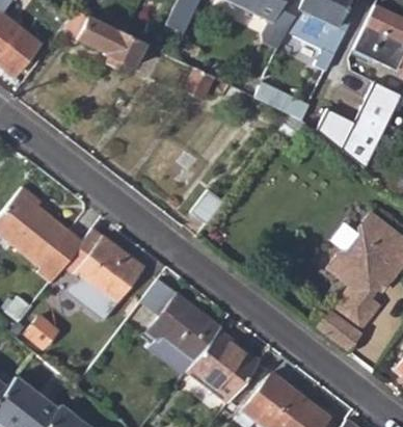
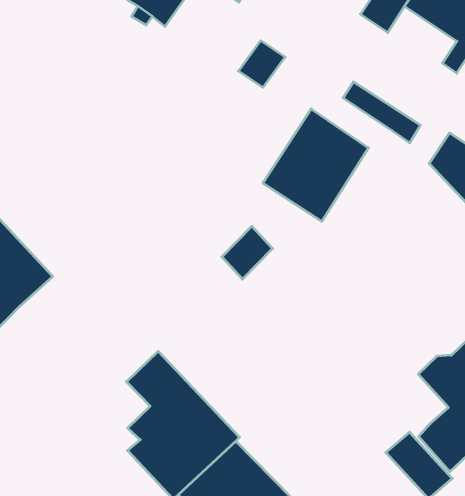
building: none -> [263,109,369,221]
building: [64,228,144,321] -> none

